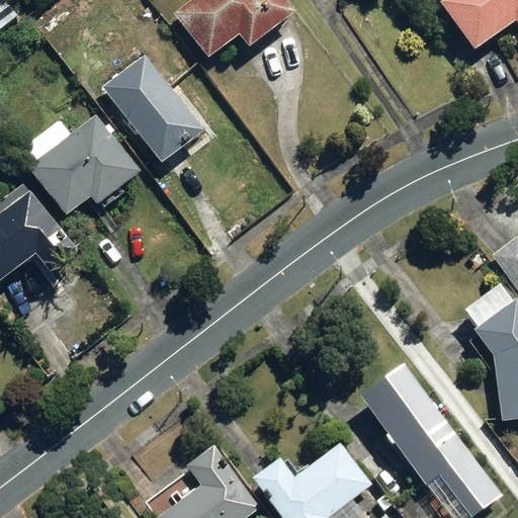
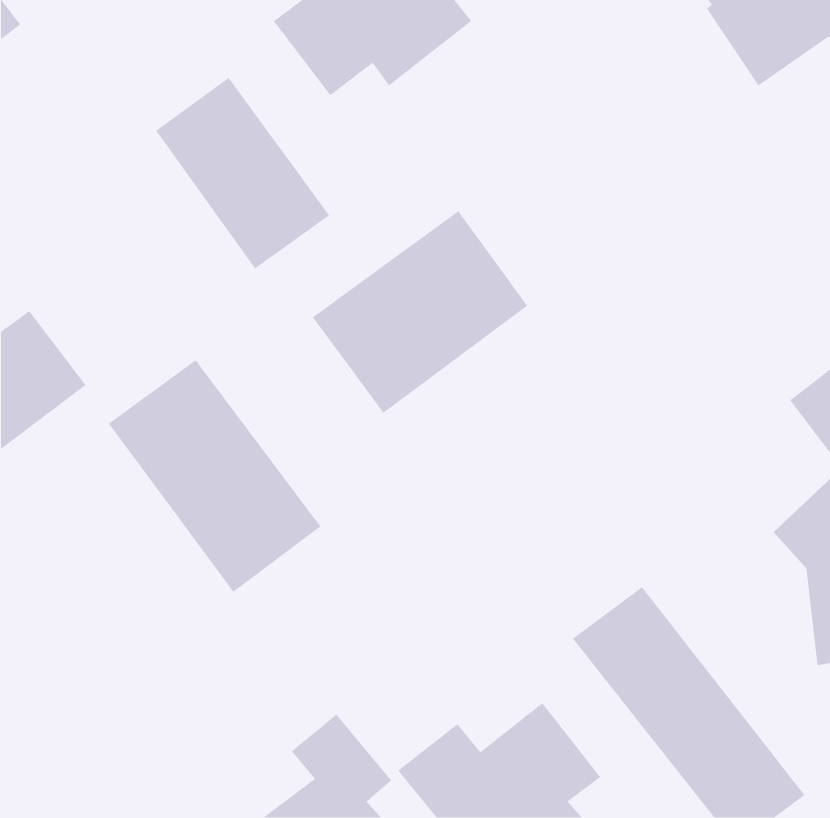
building: [21,116,139,218] -> none
building: none -> [312,210,528,414]
building: none -> [108,359,322,593]

